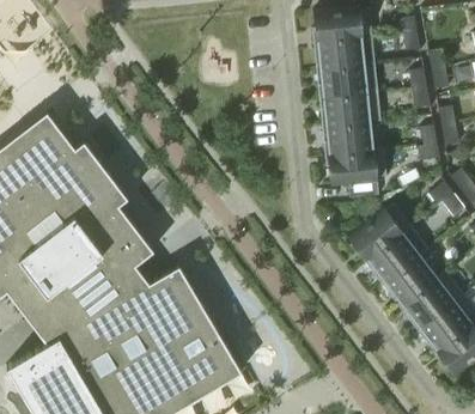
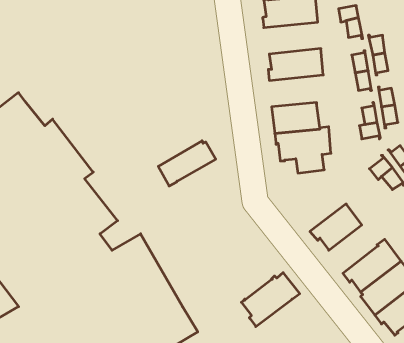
building: [313,37,376,72] -> none
building: [319,95,382,129] -> none
building: none -> [158,141,216,186]
building: [348,206,412,264] -> [241,273,300,327]
building: [384,257,438,310] -> none

